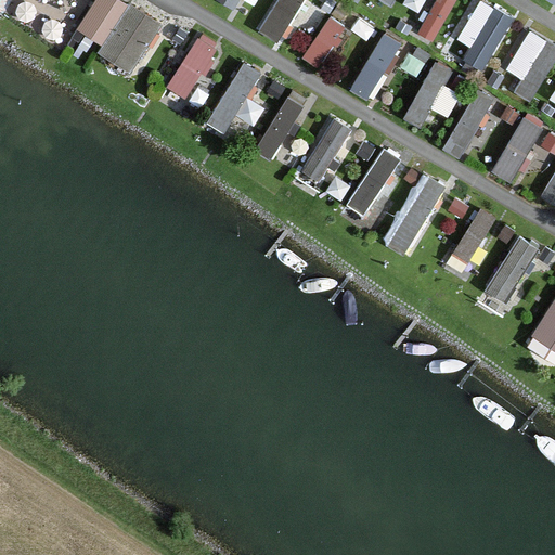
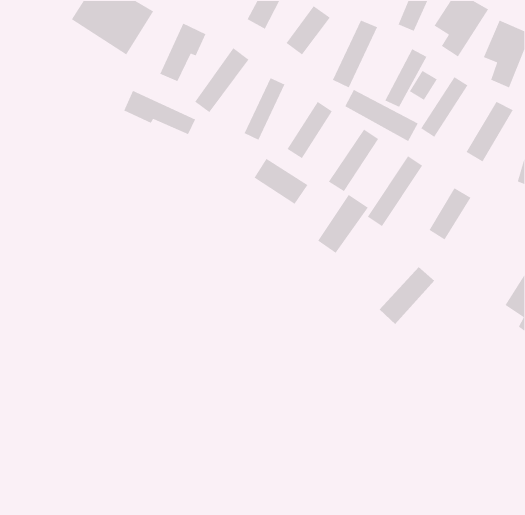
building: none -> [344,89,419,142]
building: none -> [123,90,196,135]
building: none -> [254,158,308,205]
building: none -> [317,194,369,254]
building: [483,237,543,299] -> [379,266,435,325]

